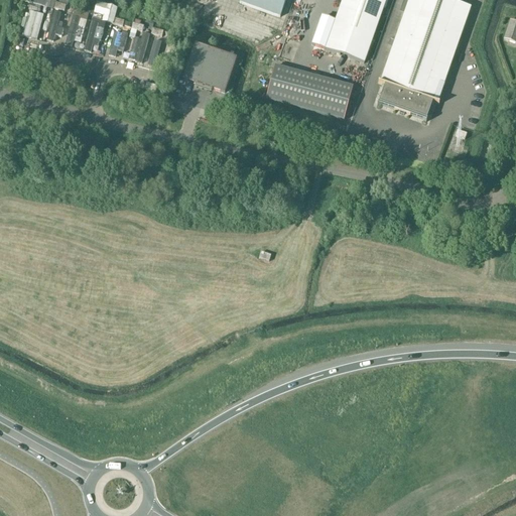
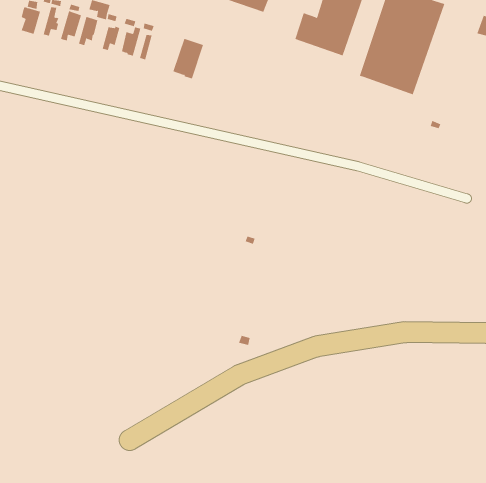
building: [205,47,237,90] -> none
building: [266,62,354,117] -> none
building: [378,82,433,118] -> none

